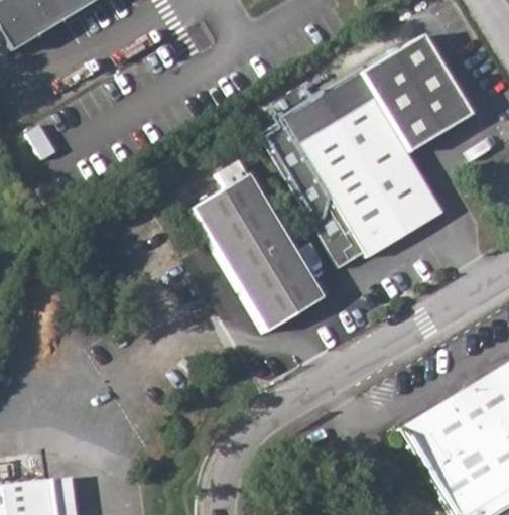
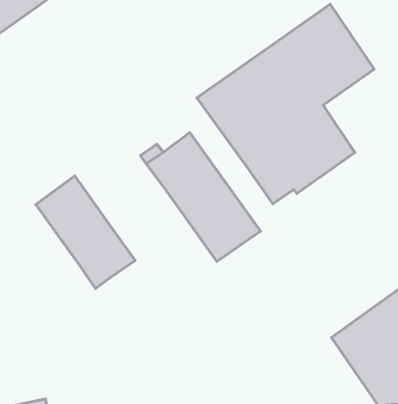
building: none -> [36,176,135,289]

